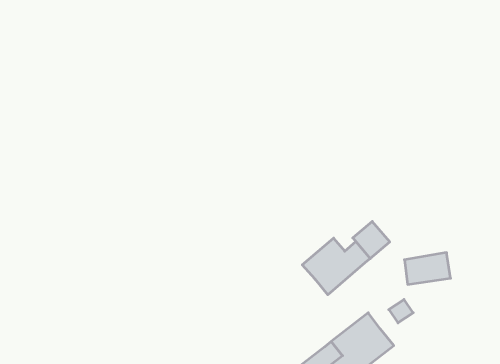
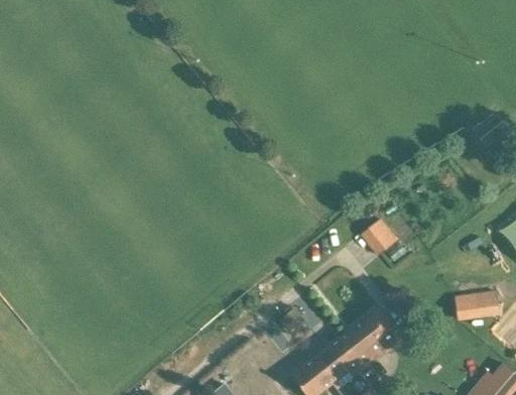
building: [302,238,370,295] -> none
building: [404,253,451,284] -> [453,290,498,321]

